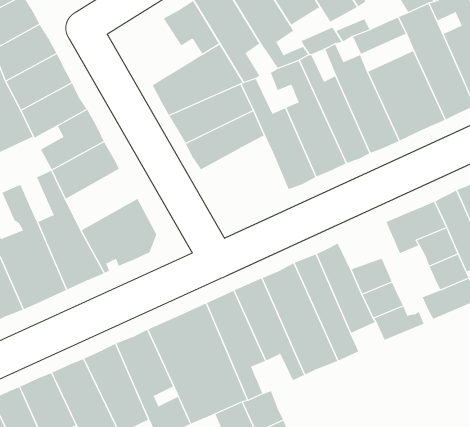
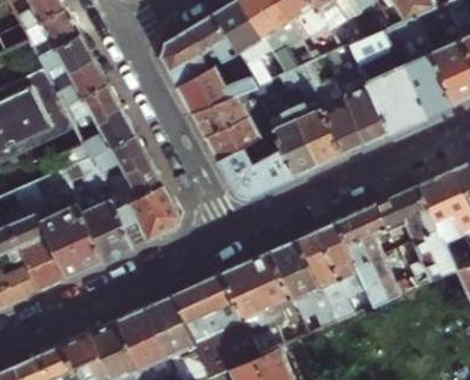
building: none -> [160,29,209,86]
building: none -> [218,140,293,196]
building: none -> [102,158,164,210]
building: none -> [336,203,389,244]

